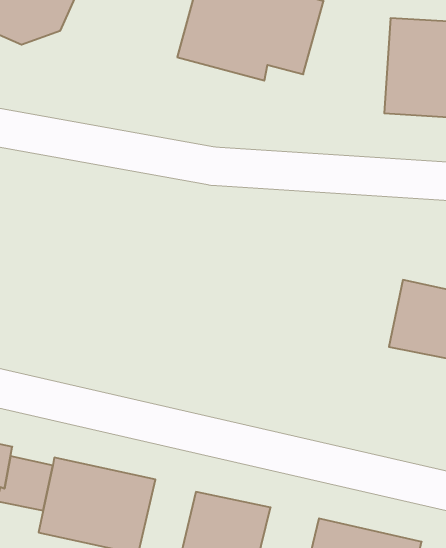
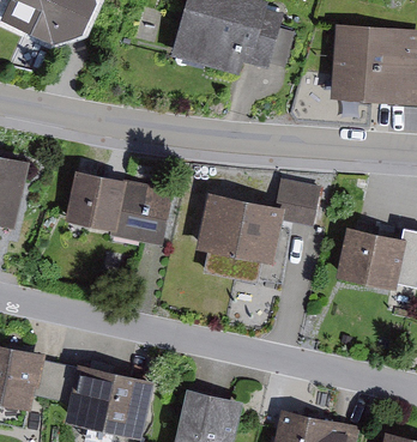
building: none -> [65,171,174,247]
building: none -> [197,178,322,283]

